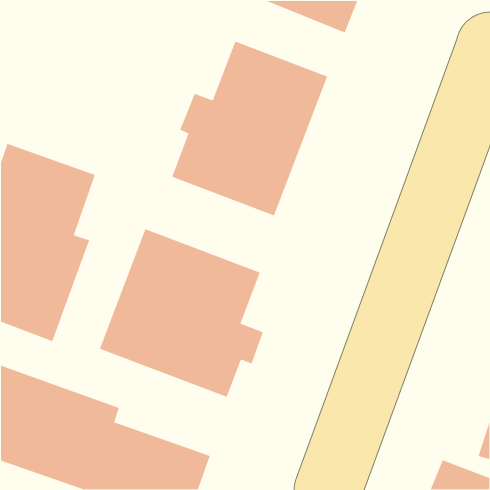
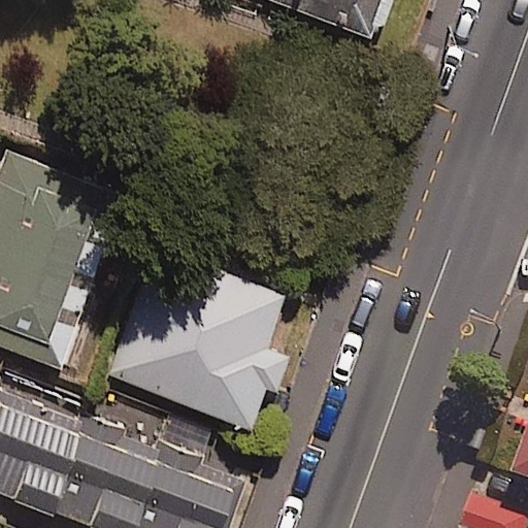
building: [171,41,328,217] -> none

